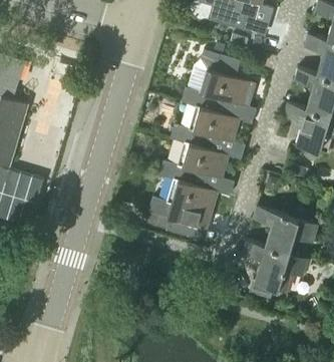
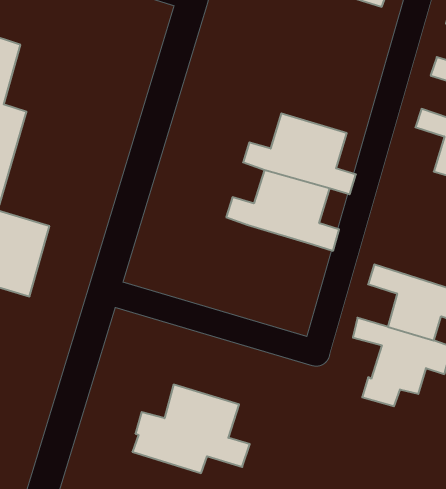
building: [182,50,256,122] -> none
building: [146,178,224,237] -> [132,385,250,473]

